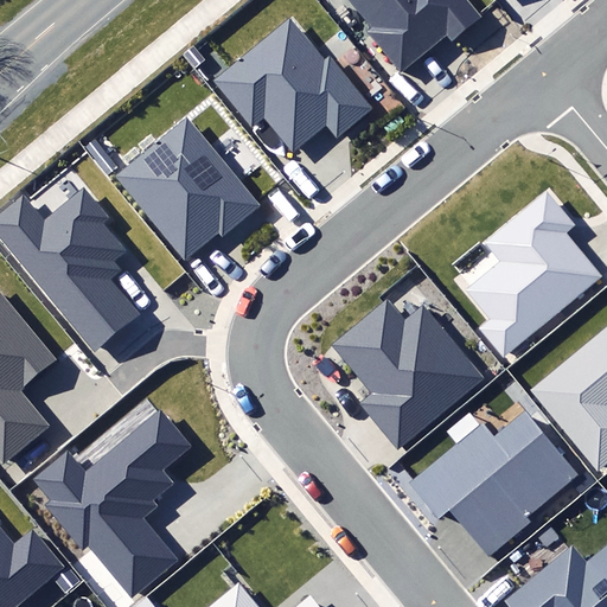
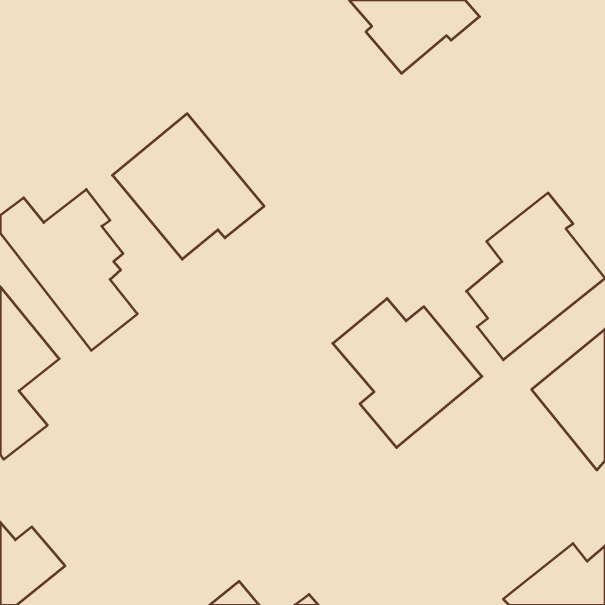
building: [212,17,372,152] -> none
building: [408,410,579,557] -> none
building: [37,414,187,600] -> none

